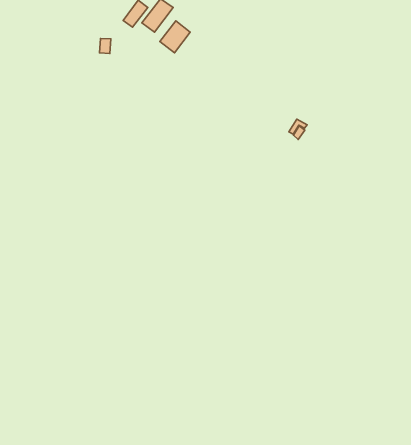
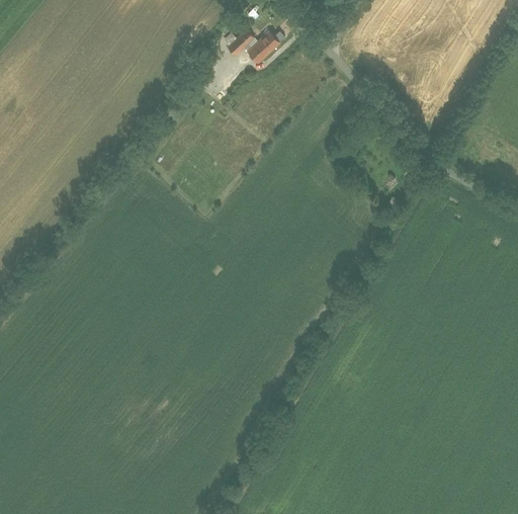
building: [160,21,190,53] -> none

